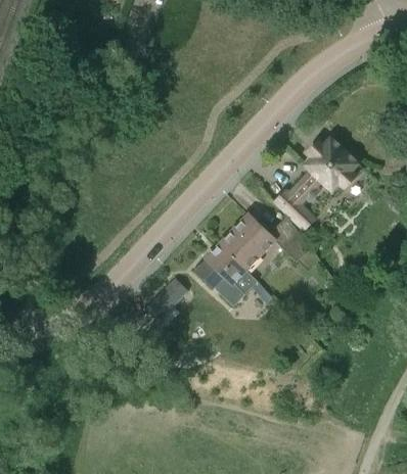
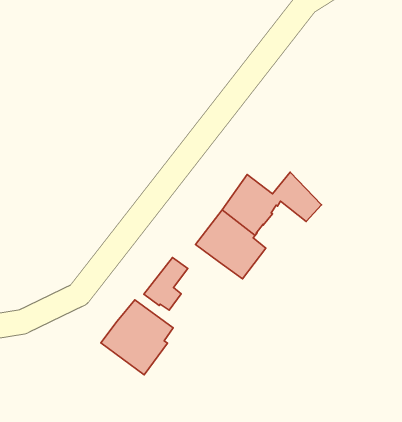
building: [275,137,359,231] -> none
building: none -> [101,300,173,375]

